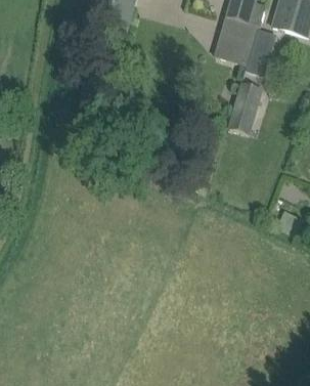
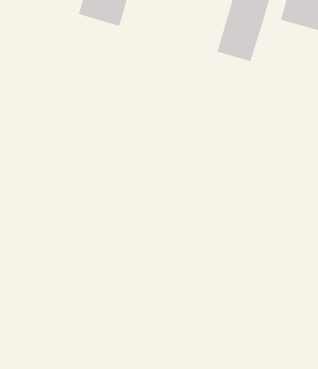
building: [246,28,275,74] -> none
building: [229,80,261,132] -> none

